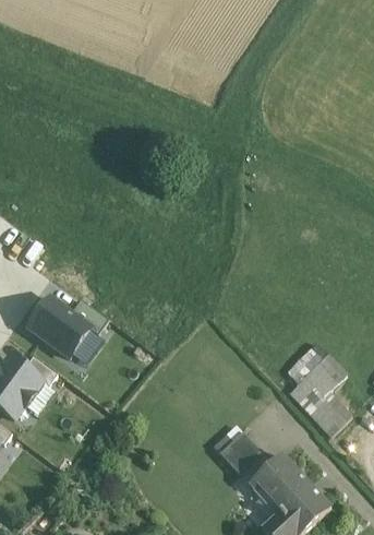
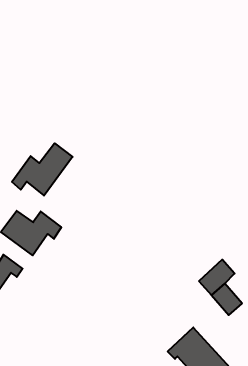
building: none -> [12,143,73,196]
building: [217,430,260,473] -> none

